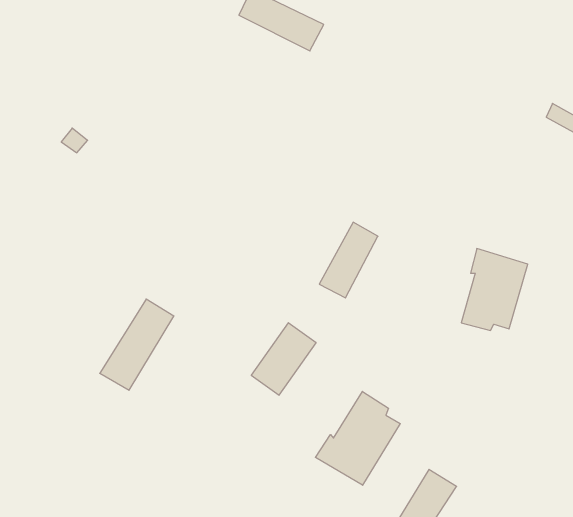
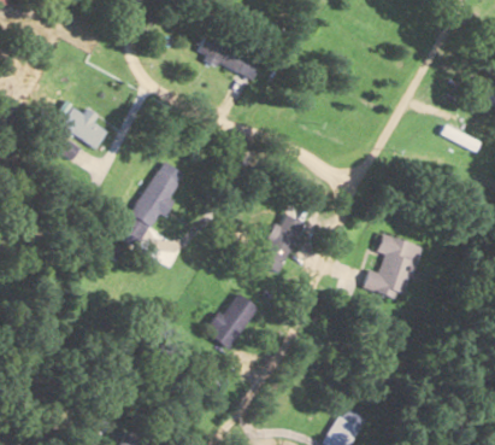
building: none -> [59,105,107,146]
building: [100,299,174,390] -> [120,169,178,240]
building: [315,391,400,485] -> none

